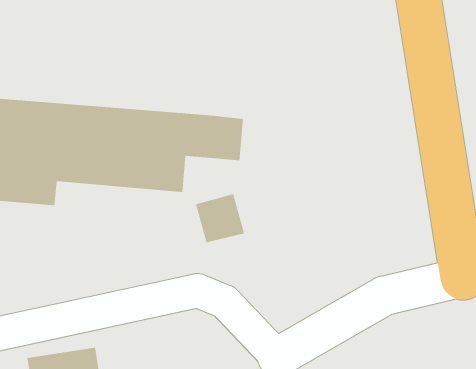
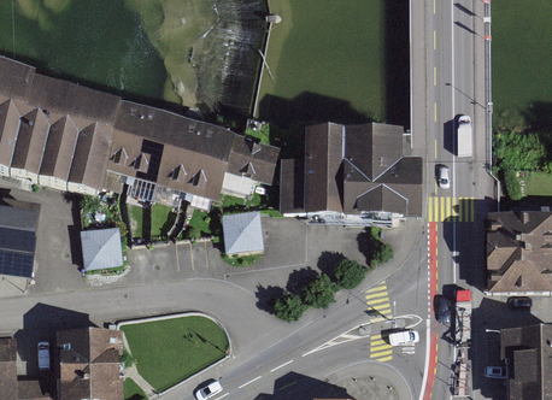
building: none -> [281,128,411,213]
building: none -> [84,222,124,261]

